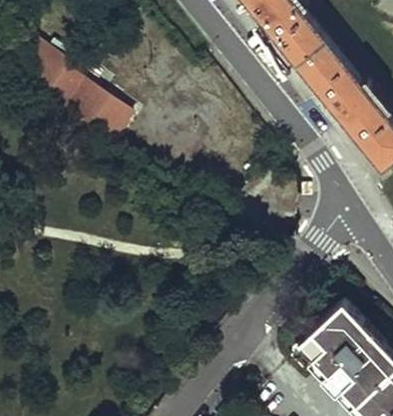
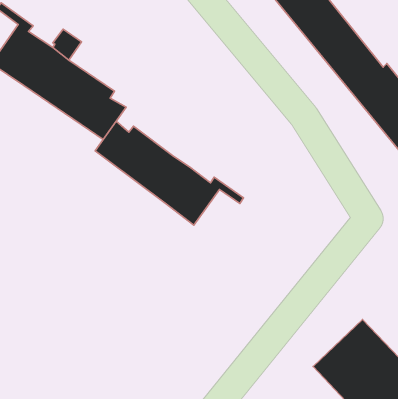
building: none -> [95,121,243,225]

